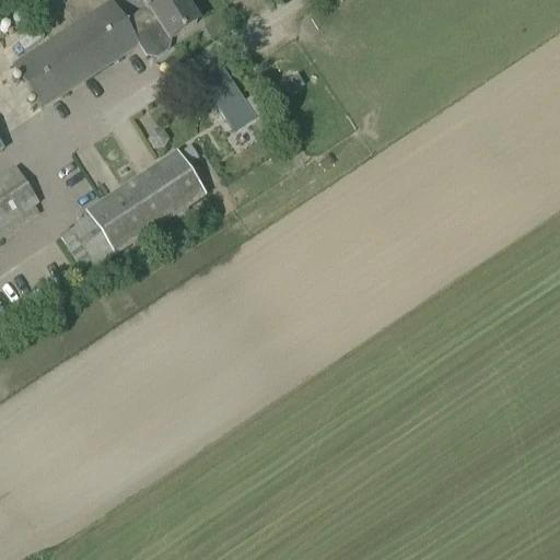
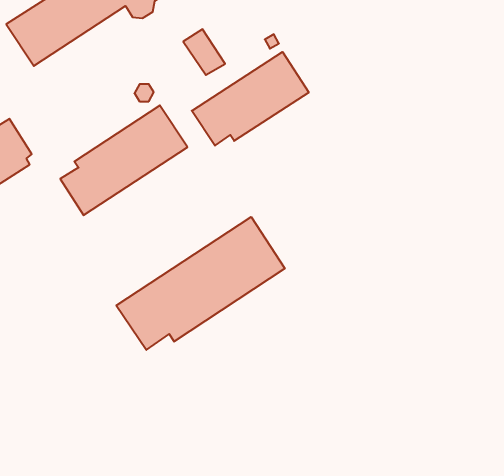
building: none -> [192,52,309,146]
building: none -> [116,217,285,350]

